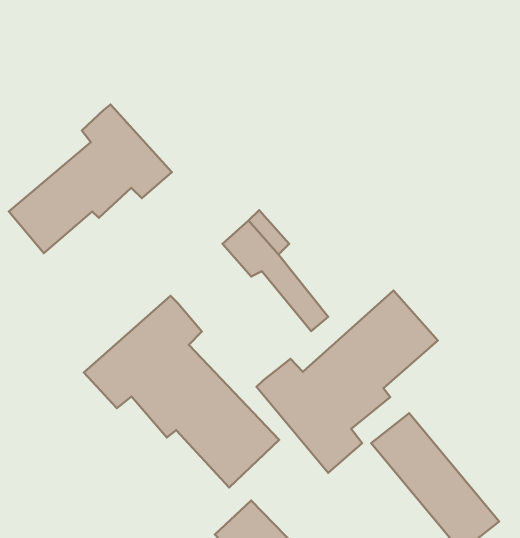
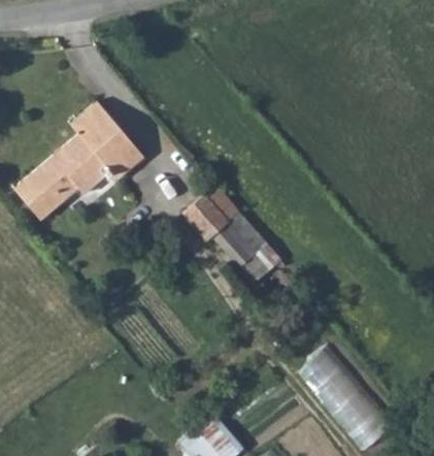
building: [257,291,438,473] -> none
building: [84,296,279,487] -> none

